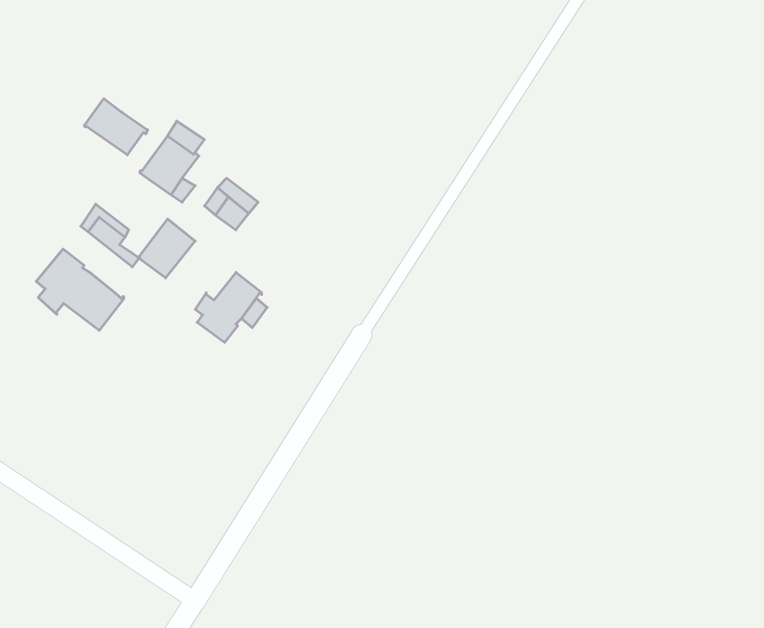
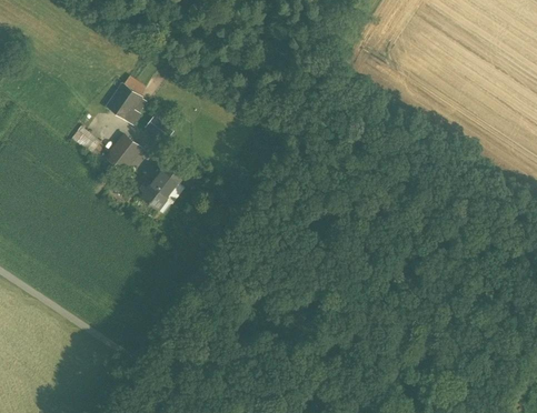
building: [84,99,148,155] -> none
building: [36,249,124,330] -> none

